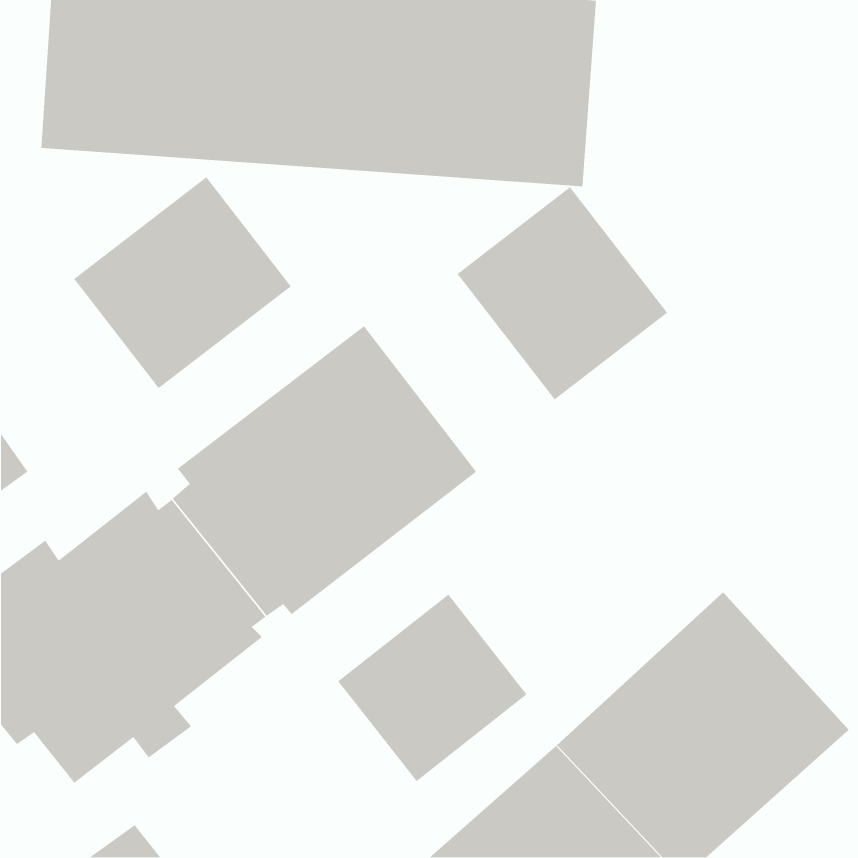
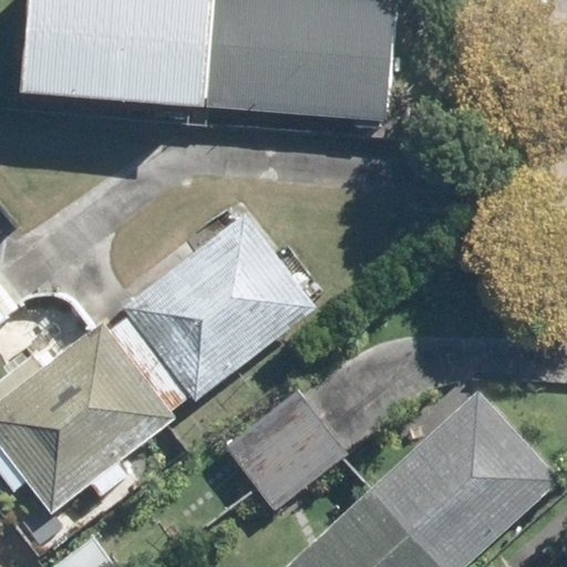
building: [73,176,292,389] -> none
building: [456,186,668,400] -> none

